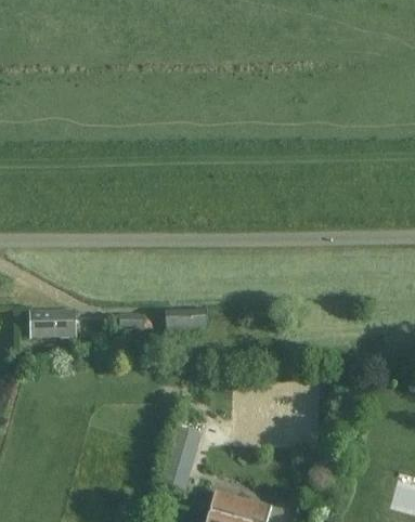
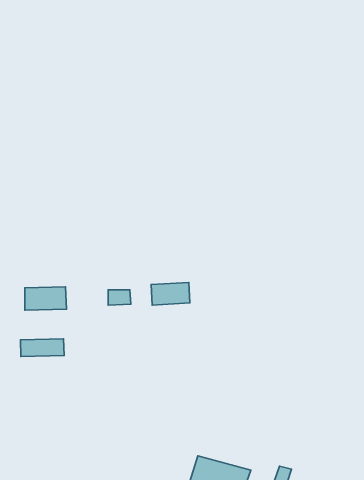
building: none -> [20,339,64,357]
building: [158,427,202,492] -> none

